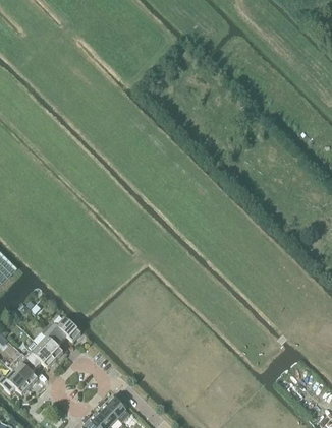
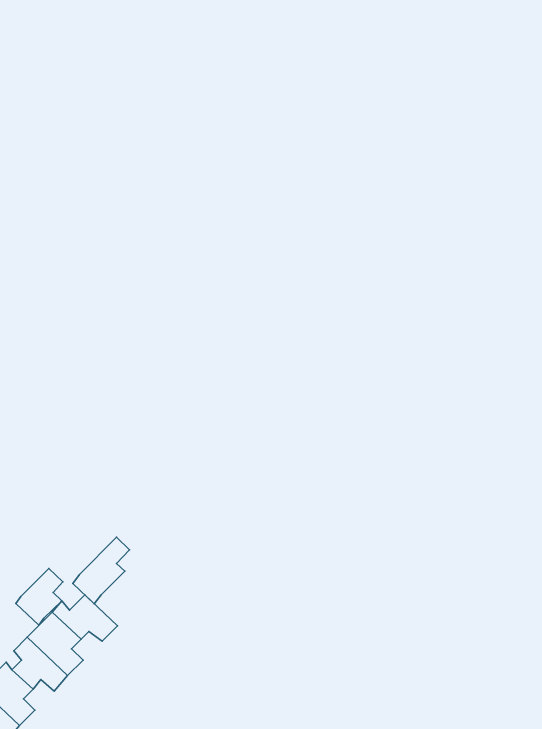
building: none -> [73,537,130,604]
building: none -> [16,569,63,625]

